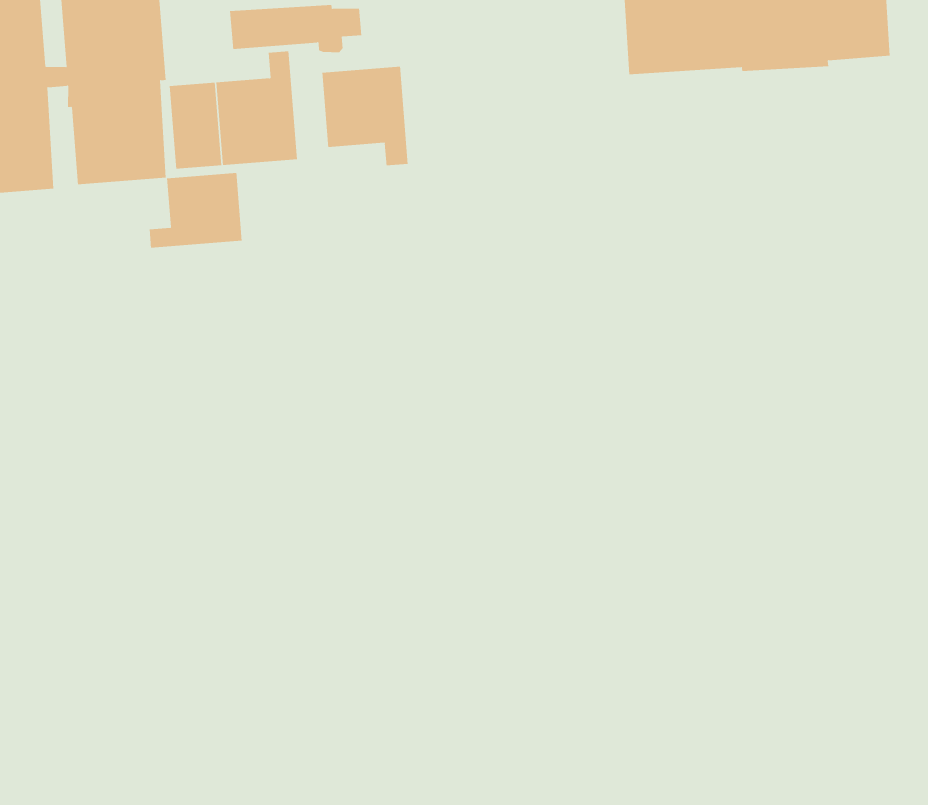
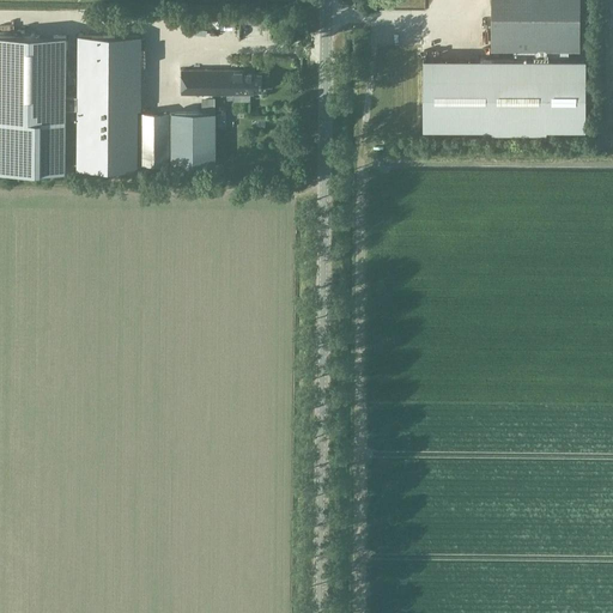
building: [322,66,408,166] -> none
building: [149,172,242,248] -> none

